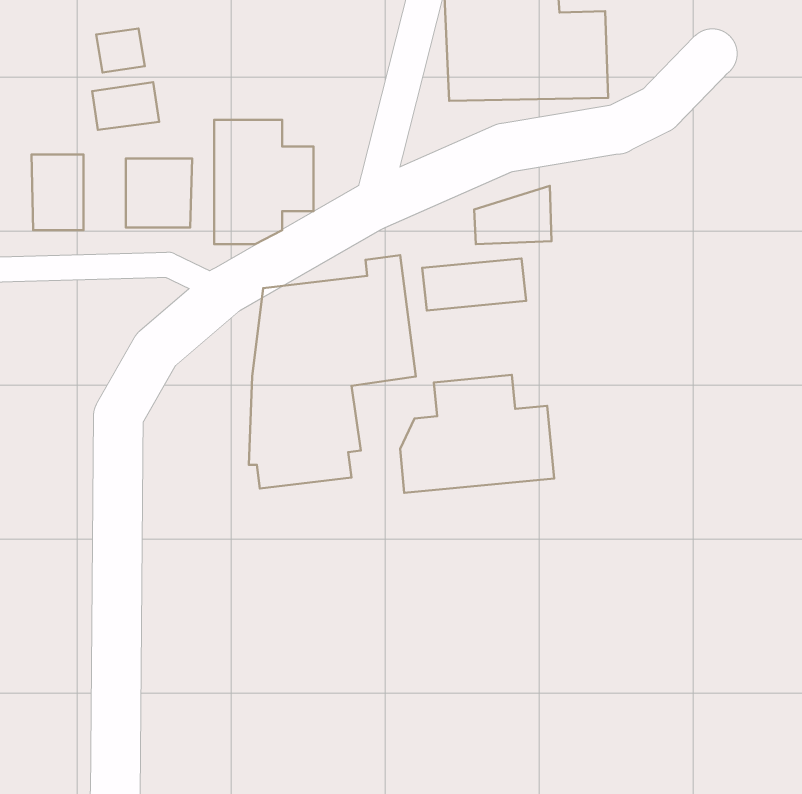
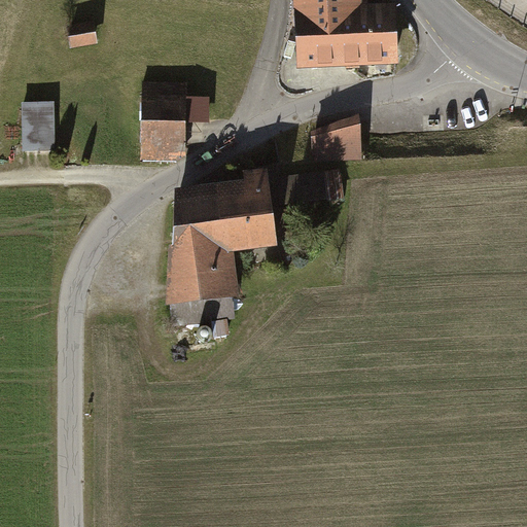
building: [92,82,159,130] -> none
building: [126,159,192,227] -> none
building: [400,375,554,493] -> none

